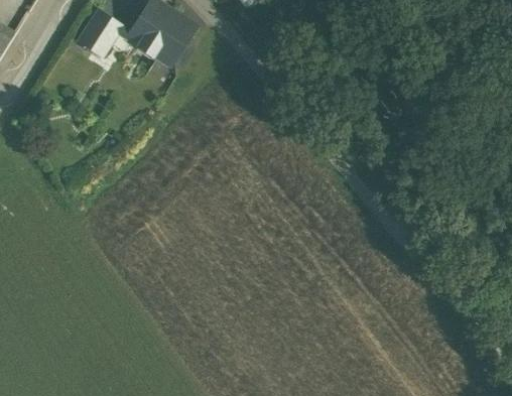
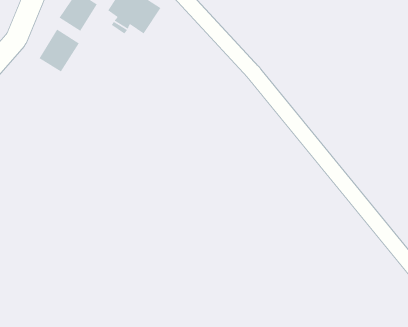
building: none -> [39,28,80,73]

